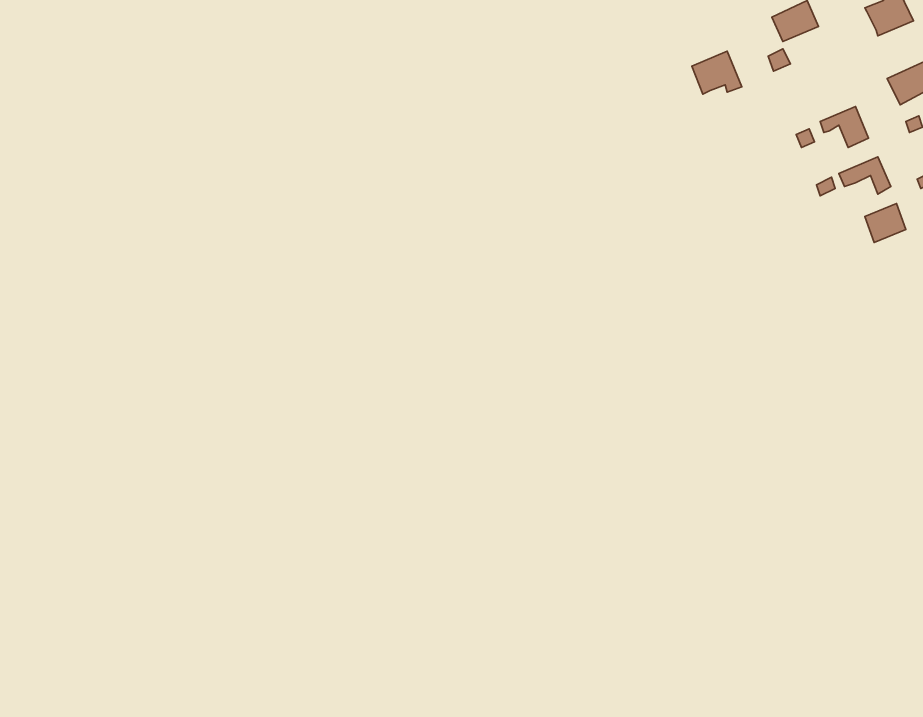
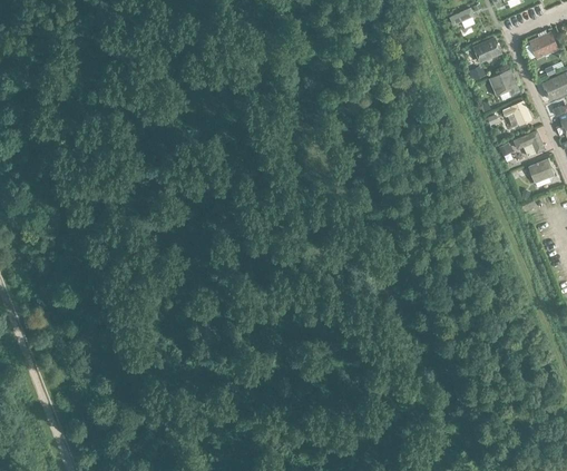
building: [692,51,742,94] -> [488,69,518,95]

